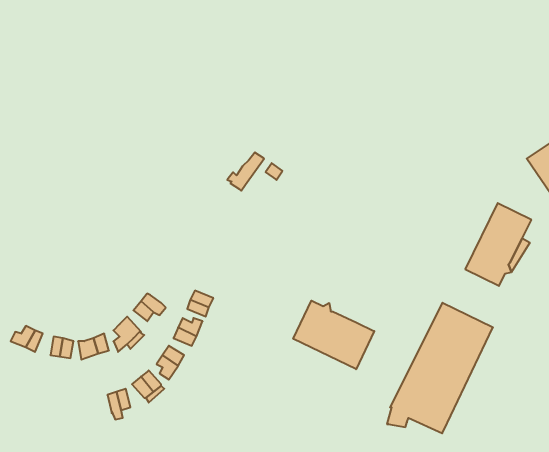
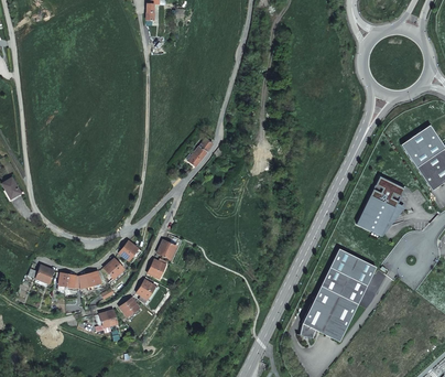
building: [293,301,374,369] -> none

